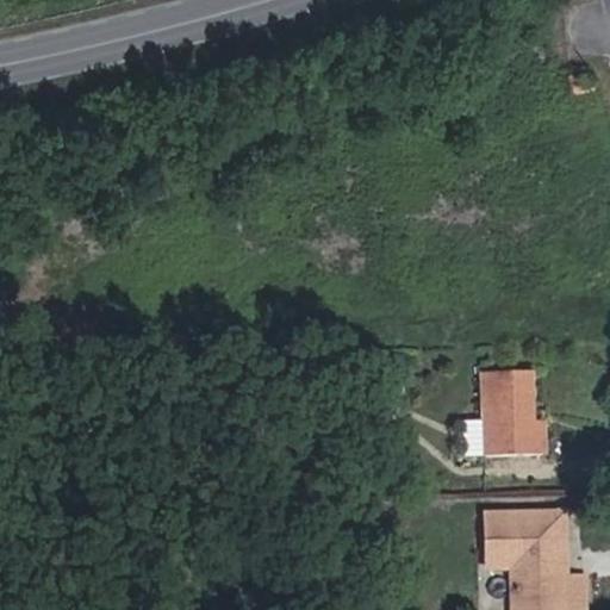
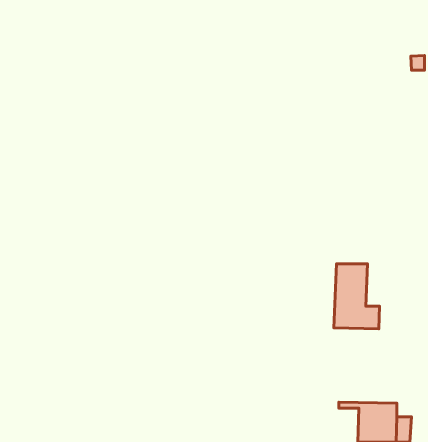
building: [485,510,567,555] -> none

